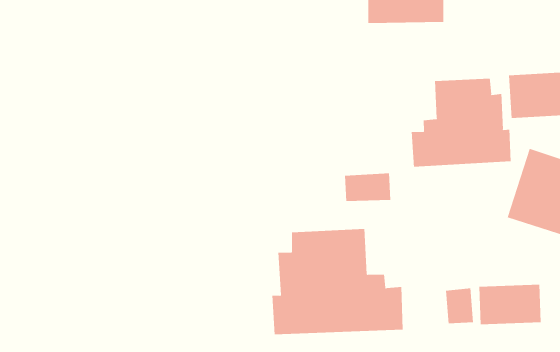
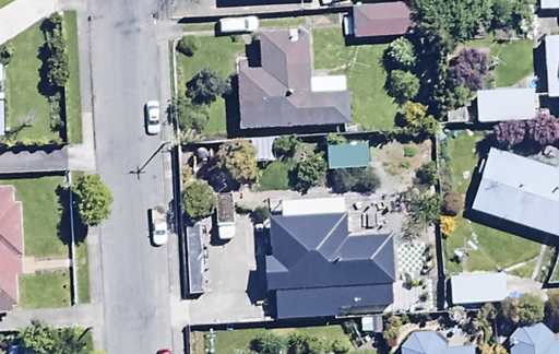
building: none -> [238,44,352,144]
building: [411,78,511,167] -> none

